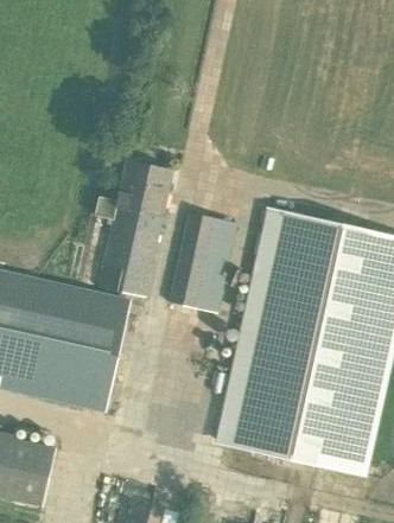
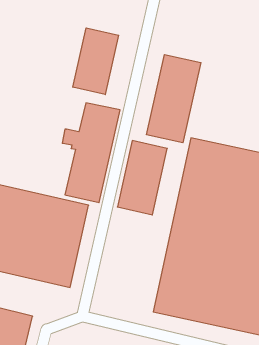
building: none -> [73,28,119,95]
building: none -> [147,55,201,143]

